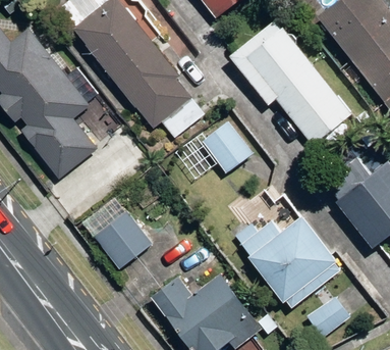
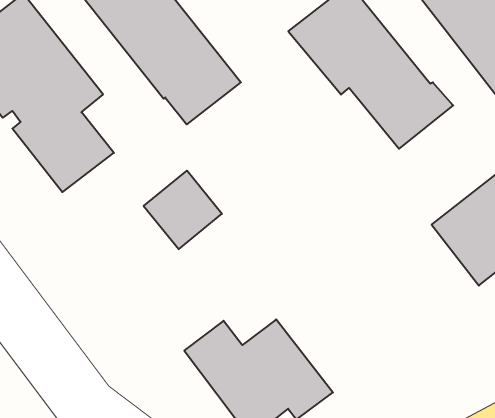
building: [201,119,254,173] -> none
building: [93,211,152,270] -> [144,171,222,249]
building: [234,215,341,309] -> none

